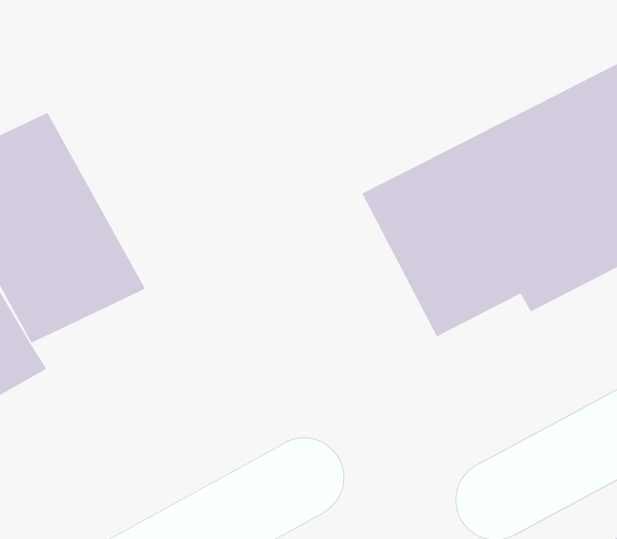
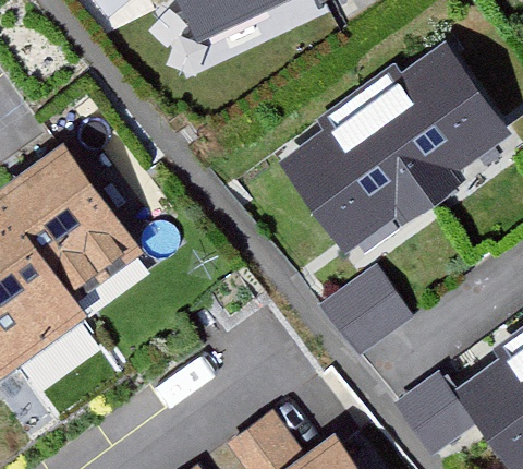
building: none -> [323,261,413,350]

